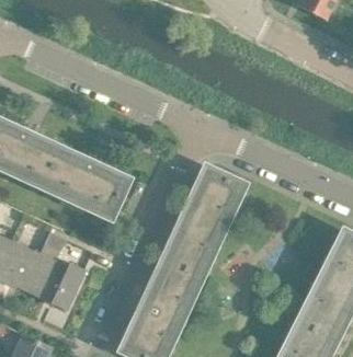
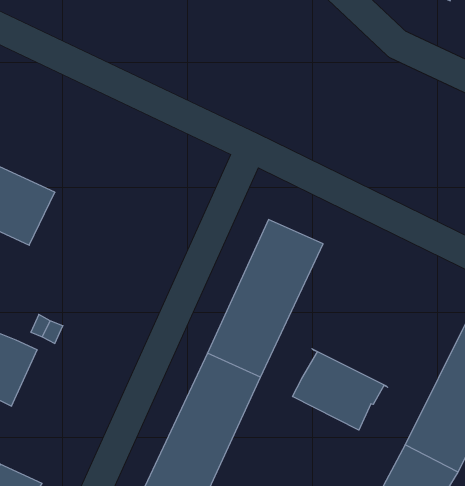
building: [41,148,125,216] -> none
building: none -> [293,349,388,430]
building: [29,255,83,310] -> none

